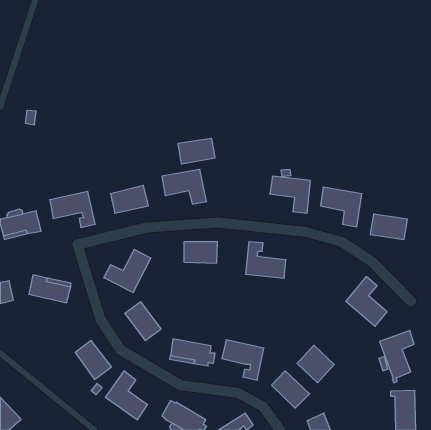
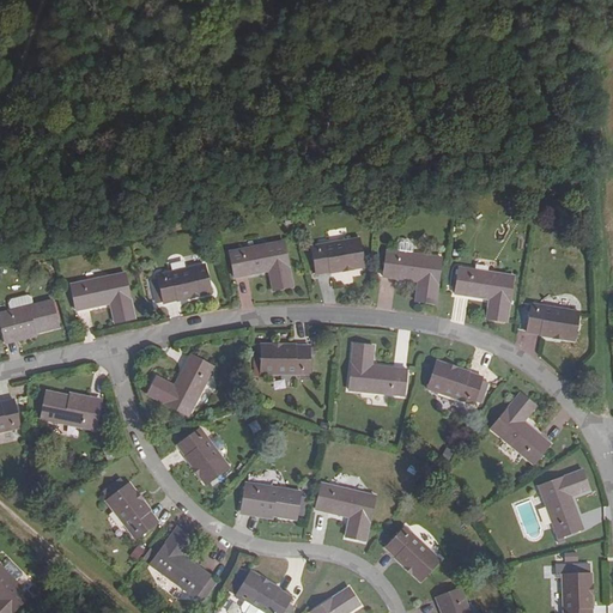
building: [178,139,215,164] -> [311,238,364,274]
building: none -> [427,360,486,402]
building: [297,345,334,383] -> none

